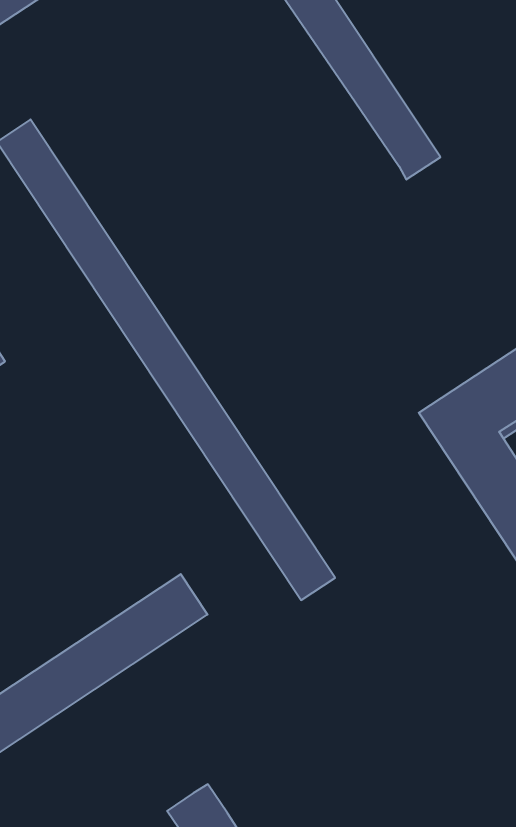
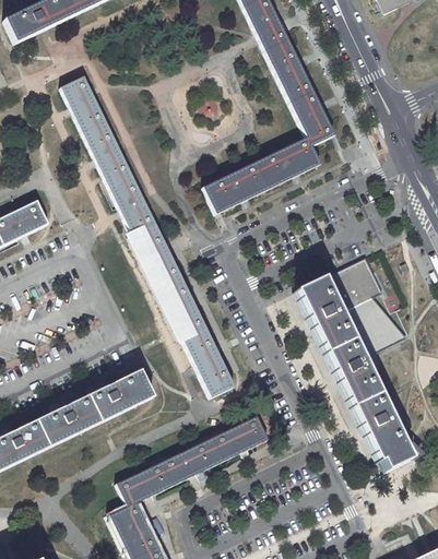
building: none -> [202,136,320,214]
building: none -> [116,416,268,507]

